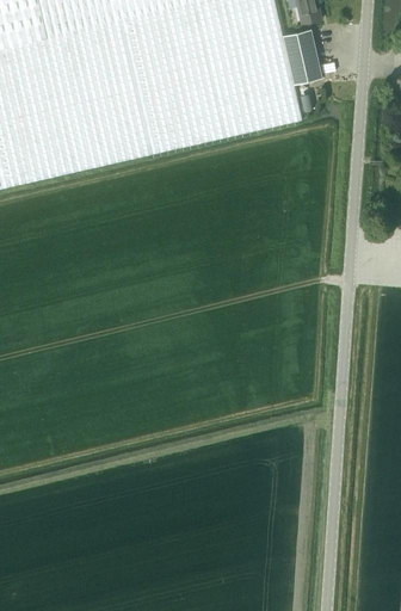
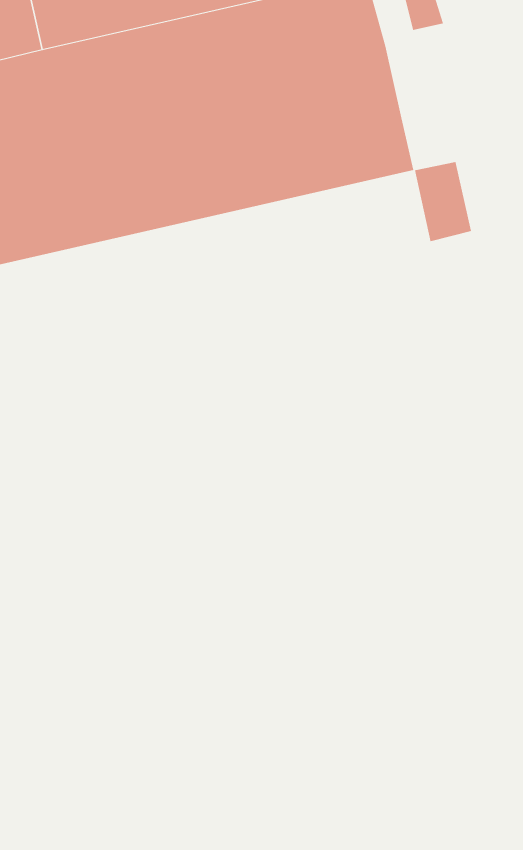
building: [282,29,321,84] -> [414,161,472,242]

